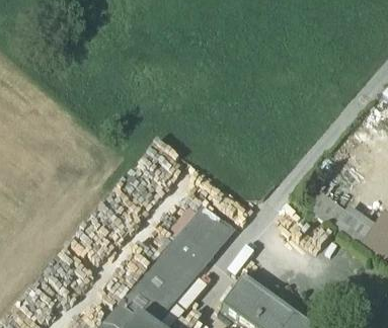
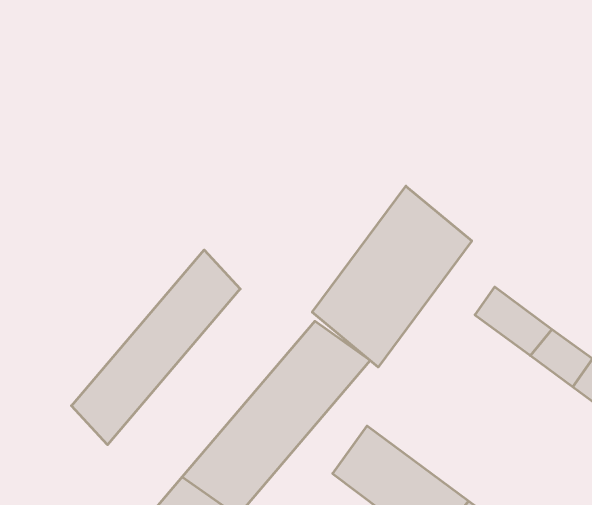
building: none -> [312,186,472,367]
building: none -> [71,250,240,445]

